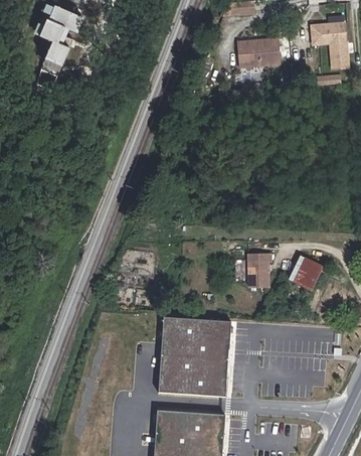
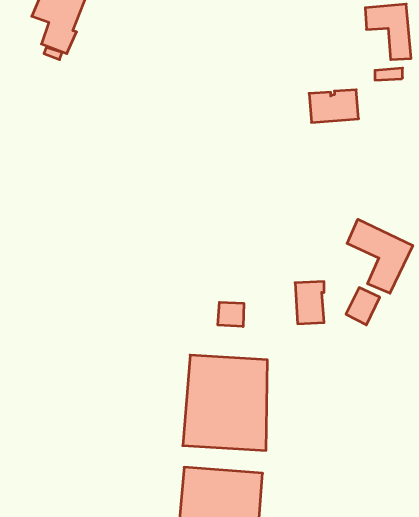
building: [236,39,278,66] -> [309,90,359,122]
building: none -> [347,219,413,293]
building: none -> [218,302,244,327]

